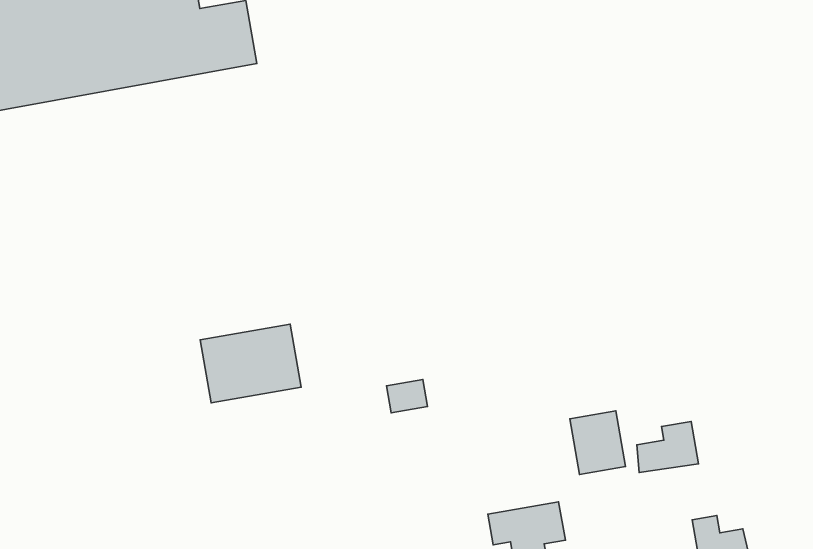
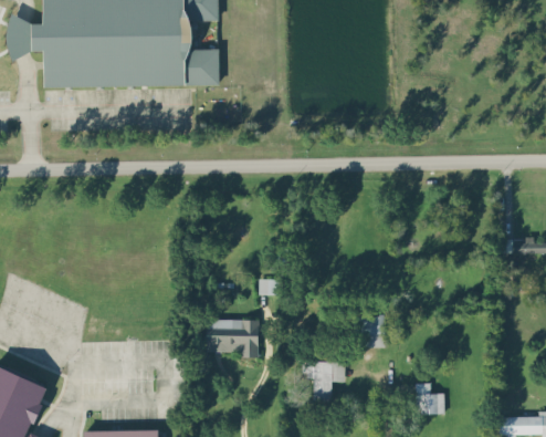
building: [200,324,301,403] -> [207,319,259,355]
building: [637,421,698,473] -> none

